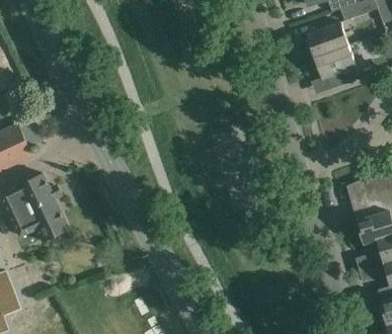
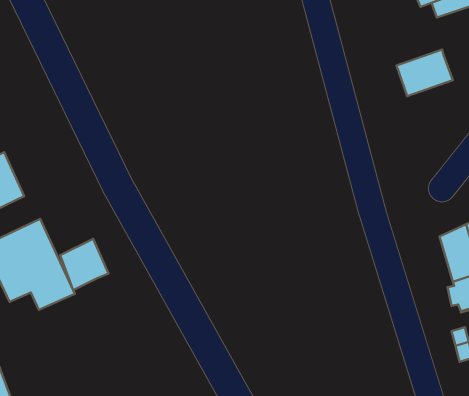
building: [306,22,348,57] -> none
building: none -> [60,239,109,290]

